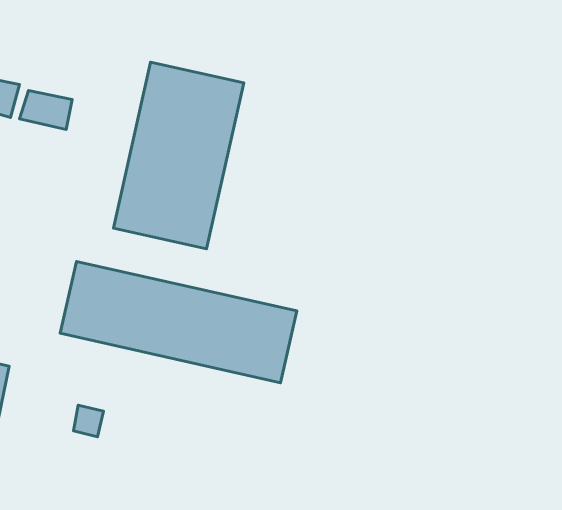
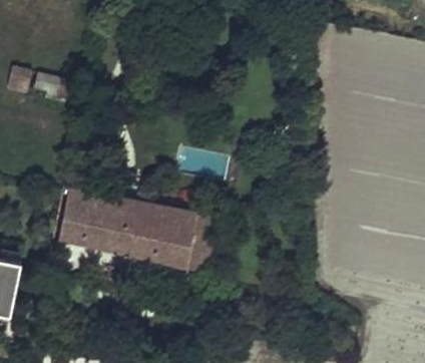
building: [113,62,244,249] -> none

